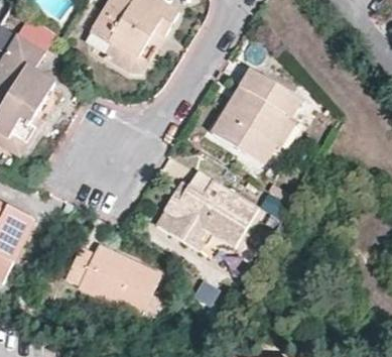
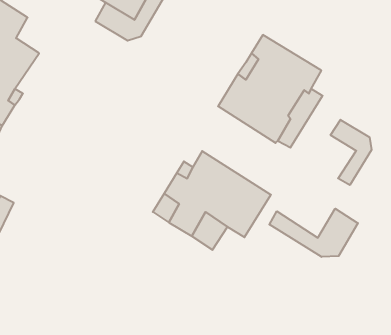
building: none -> [331,120,372,185]
building: none -> [269,209,358,257]
building: [66,243,158,311] -> none

